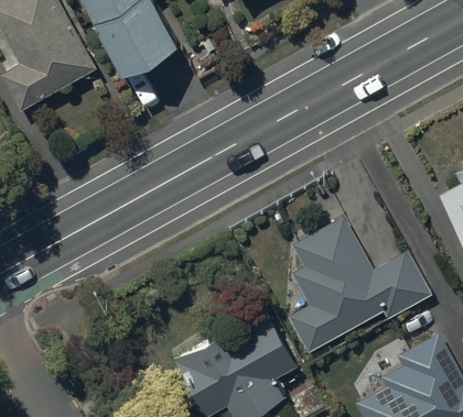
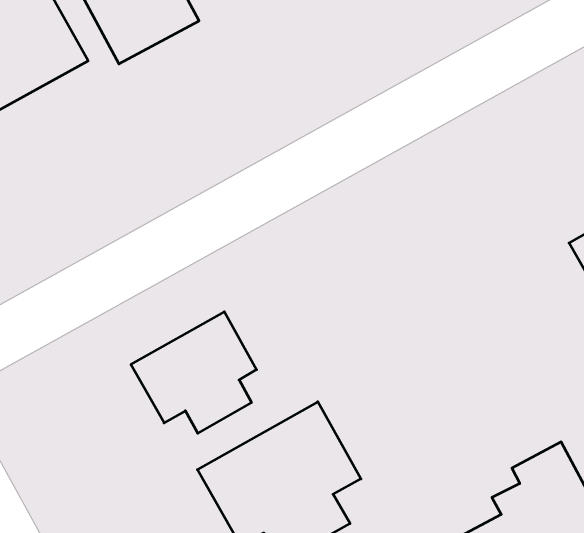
building: [290,220,427,345] -> none
building: none -> [131,312,257,433]

